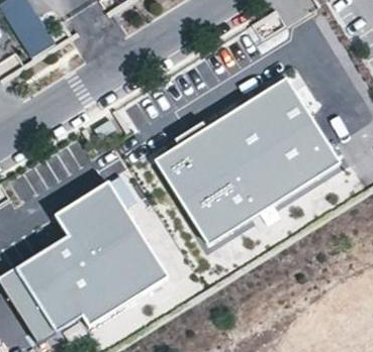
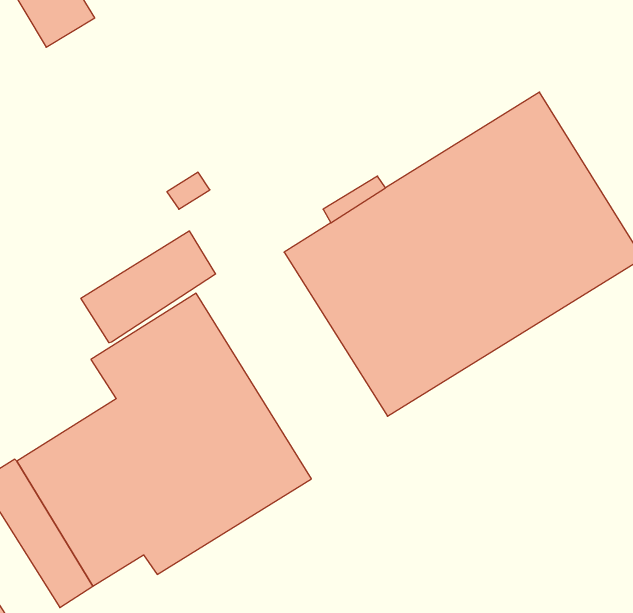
building: none -> [81,231,216,343]

